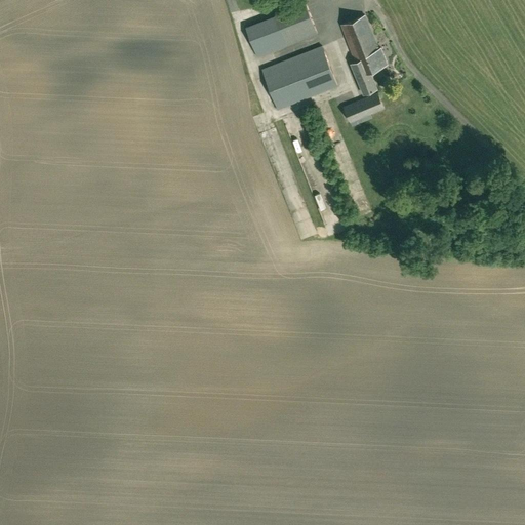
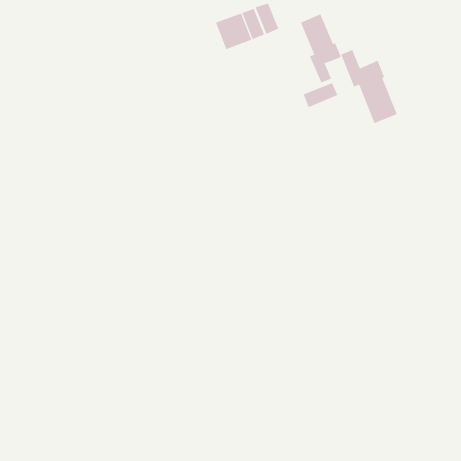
building: [261,47,336,110] -> none
building: none -> [341,49,398,124]

